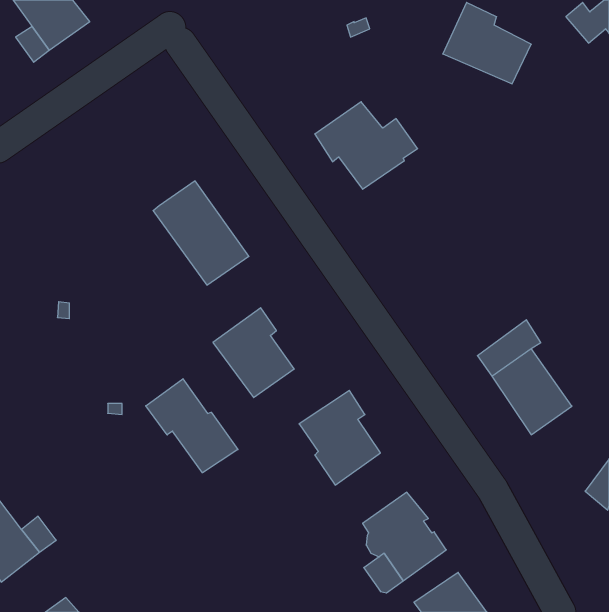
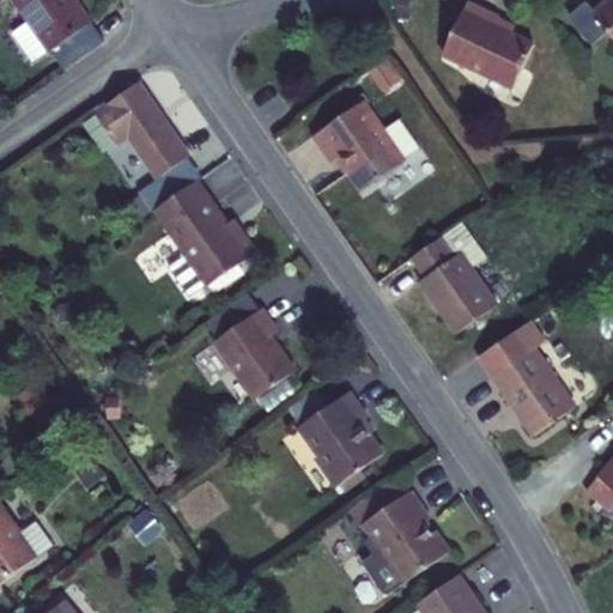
building: none -> [97,84,189,178]
building: none -> [411,233,496,333]
building: [146,379,238,473] -> none

